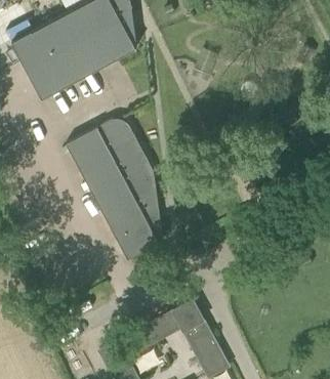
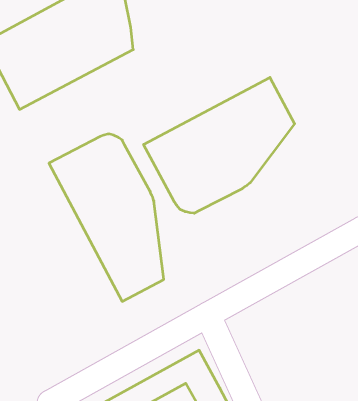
building: none -> [144,77,295,213]

